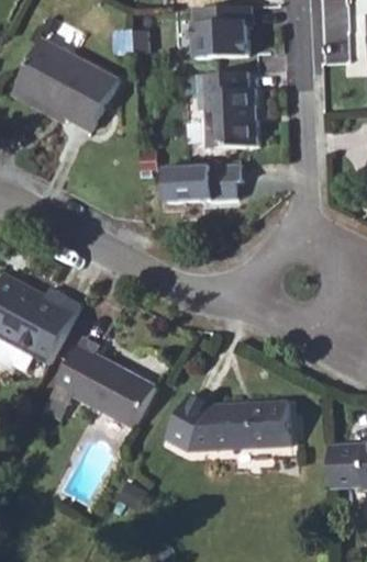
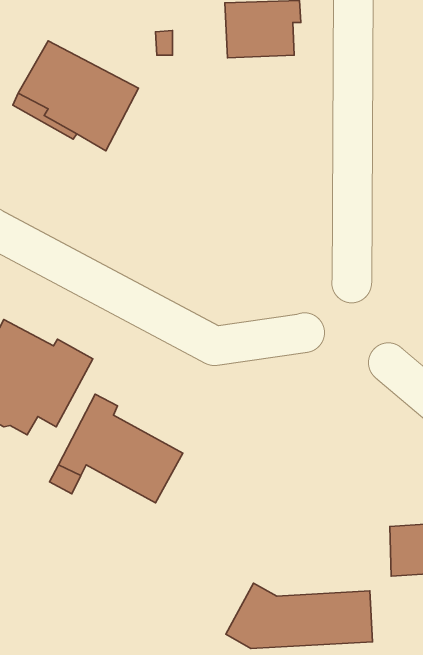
building: [196,72,257,147] -> none
building: [167,161,243,199] -> none
building: [166,396,289,451] -> [226,583,372,648]

